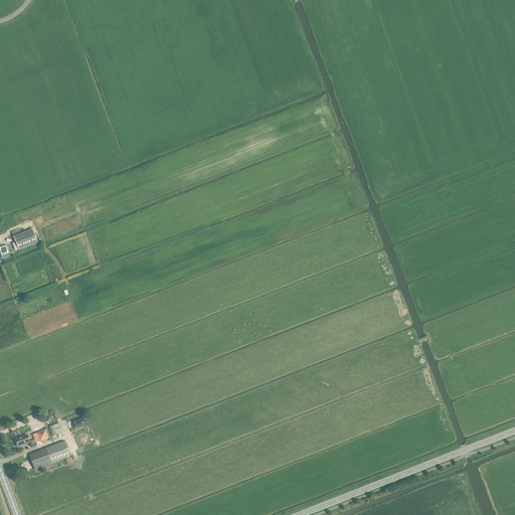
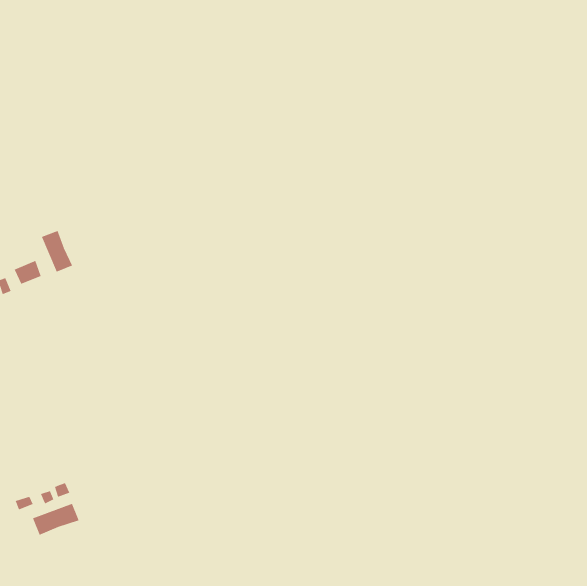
building: none -> [41,230,73,272]

